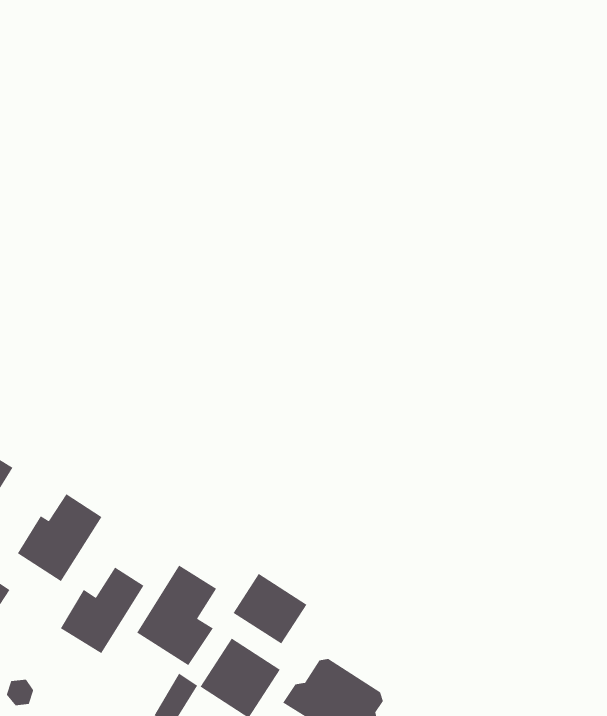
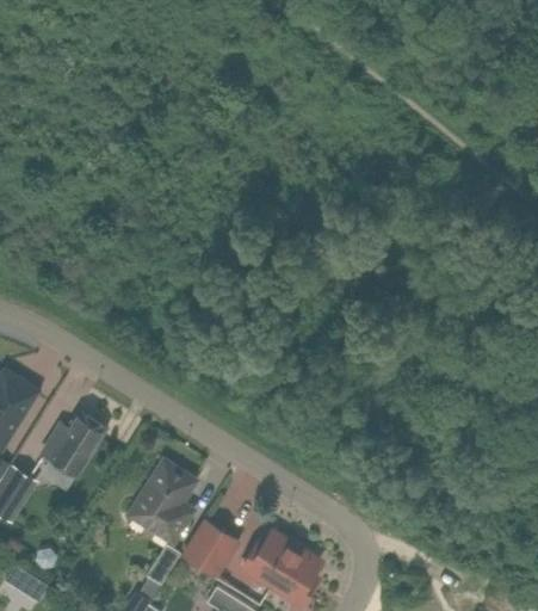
building: [60,566,145,654] -> none
building: [233,573,308,645] -> none

